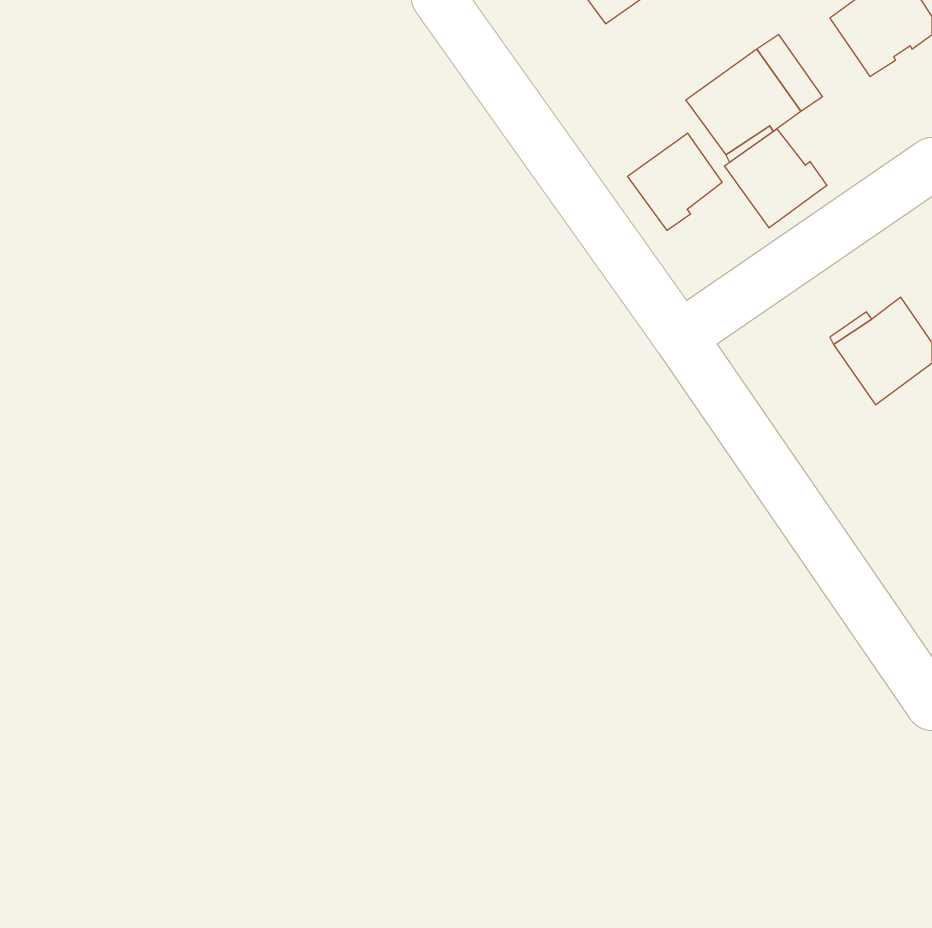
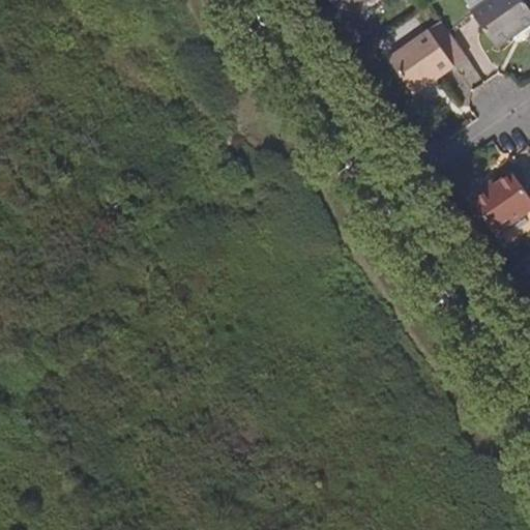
building: [724,129,827,228] -> none
building: [628,133,722,230] -> none

